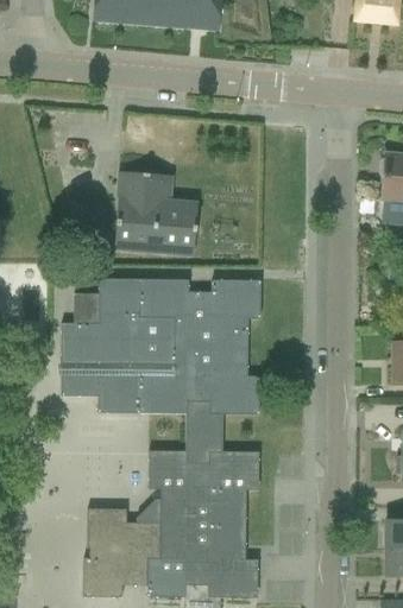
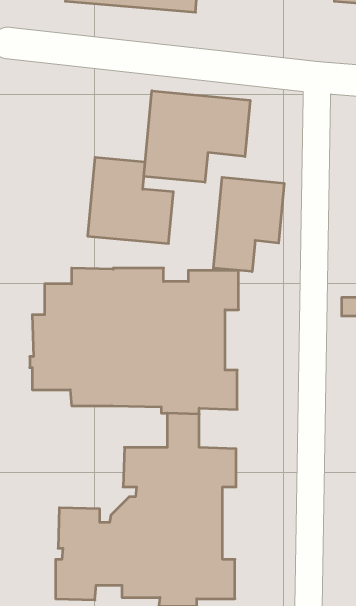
building: none -> [144,91,250,182]
building: none -> [213,177,284,272]

